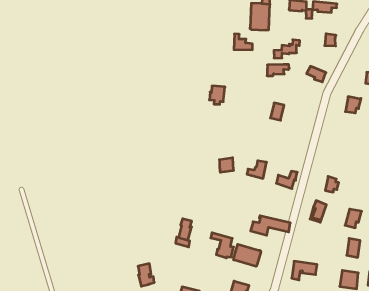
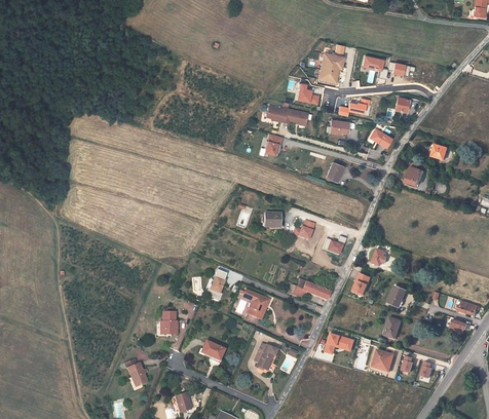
building: none -> [266,106,308,124]
building: [234,244,261,266] -> none

